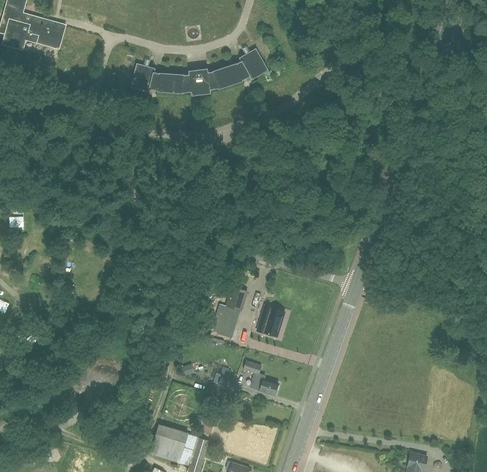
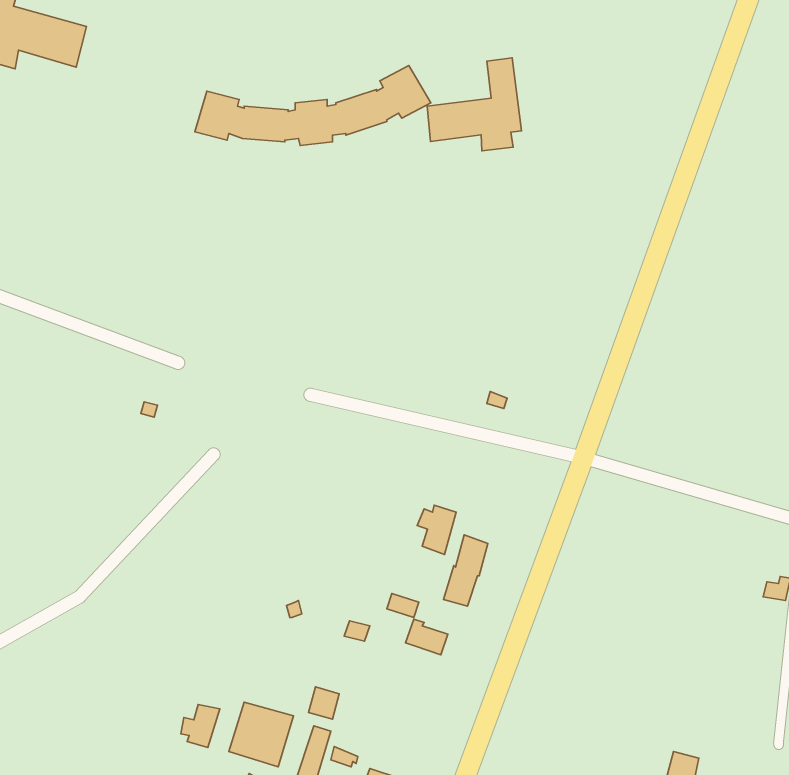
building: none -> [427,58,521,151]
building: [220,286,246,328] -> [444,535,488,606]
building: none -> [181,704,220,748]

